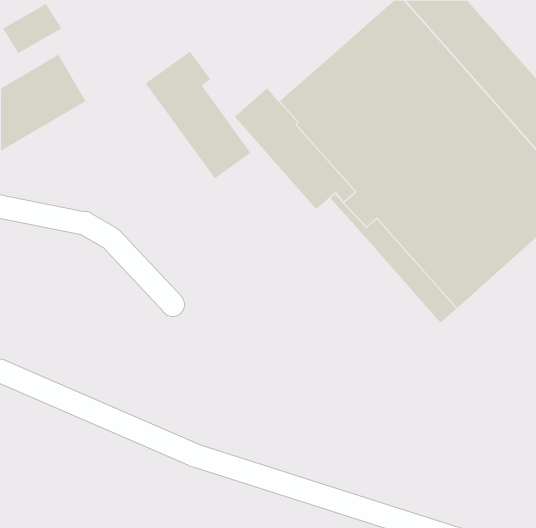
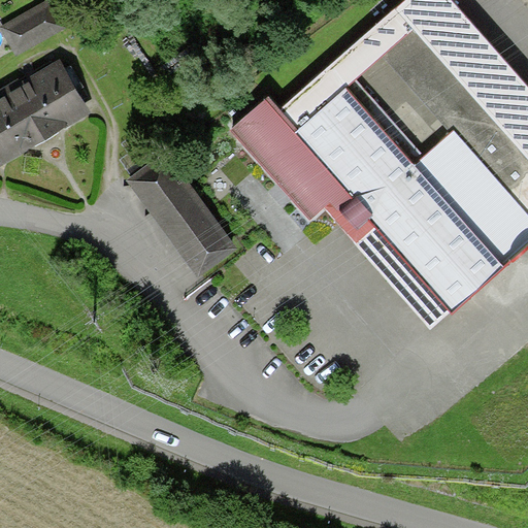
building: [145,51,251,179] -> [129,148,233,274]

